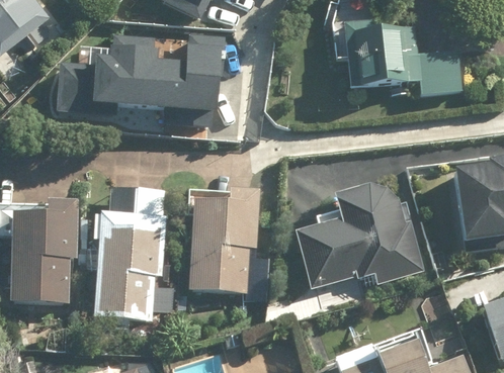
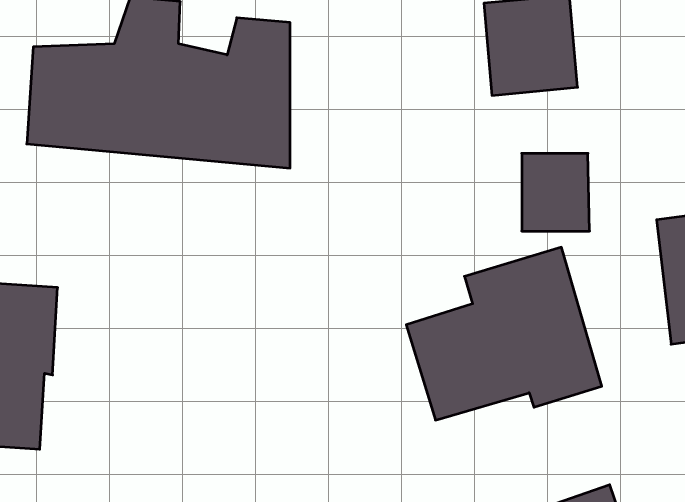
building: [420,45,463,94] -> [522,153,590,231]
building: [95,187,165,323] -> none
building: [185,190,259,294] -> none

